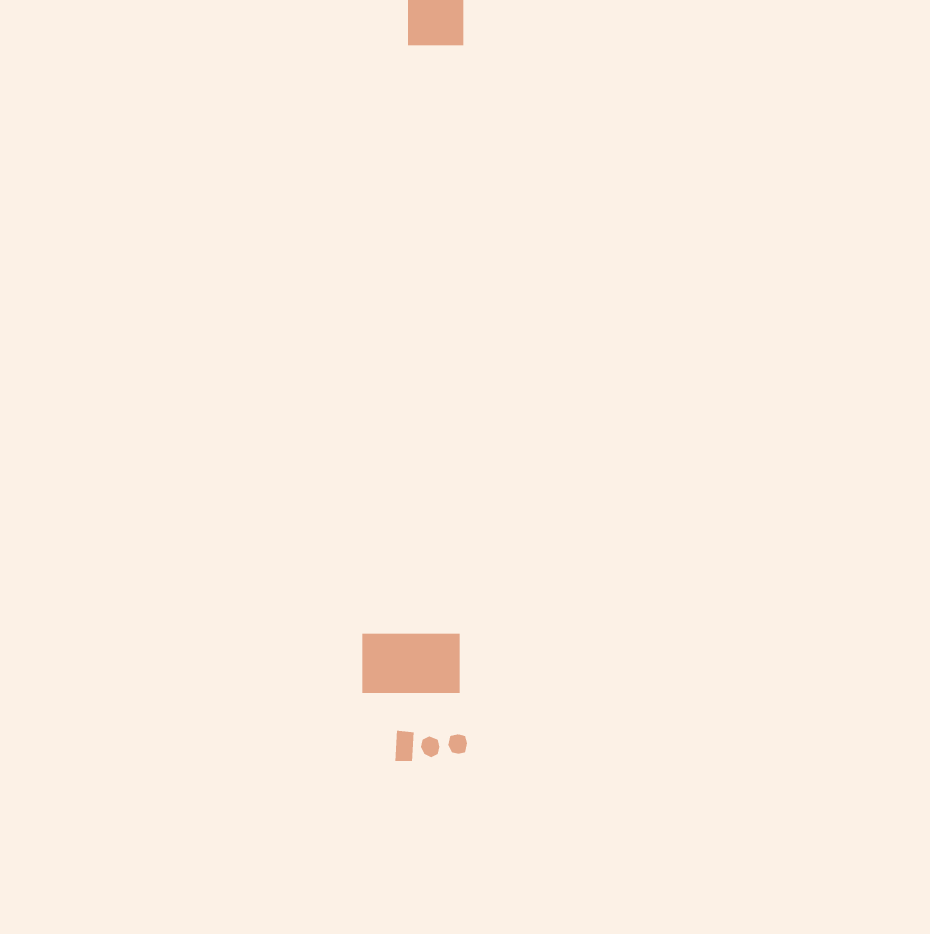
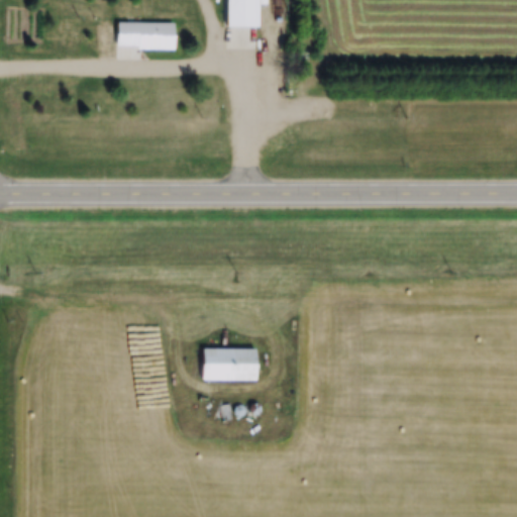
building: none -> [118,22,176,48]

